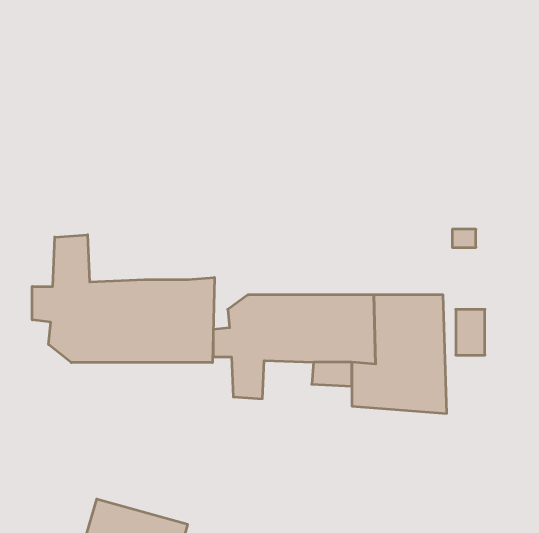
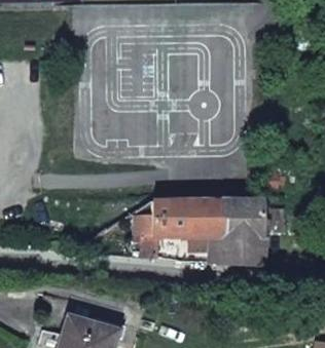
building: [32,235,214,363] -> none

